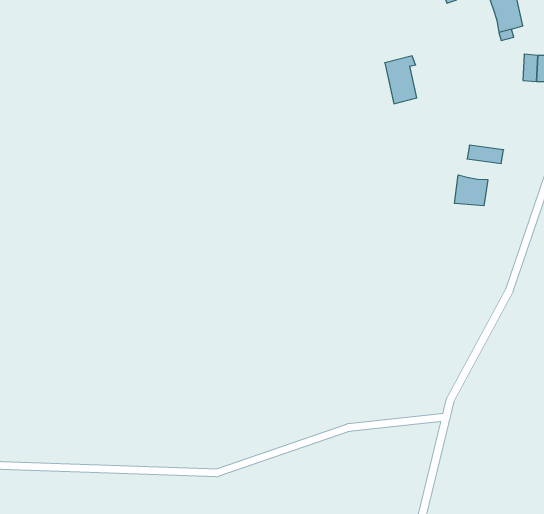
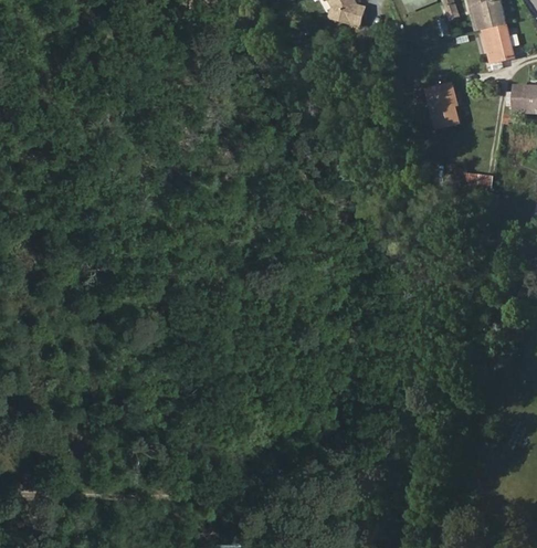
building: [385,56,417,104] -> [427,81,457,127]
building: [455,175,488,206] -> none

